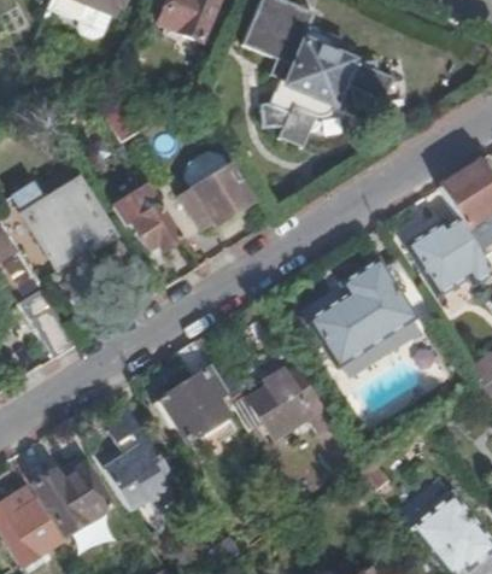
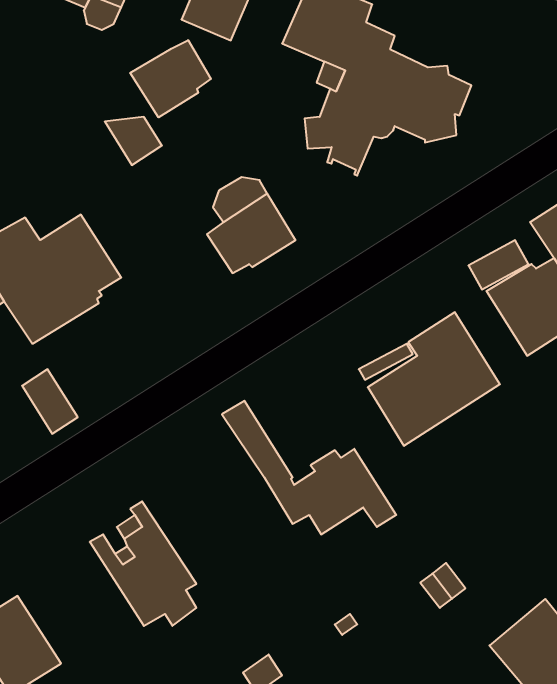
building: none -> [130,40,211,117]
building: [112,184,182,251] -> none
building: [162,341,228,439] -> none
building: [35,455,113,534] -> none

